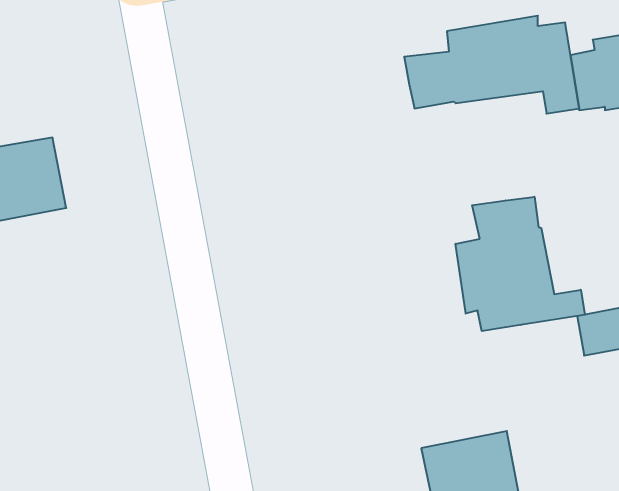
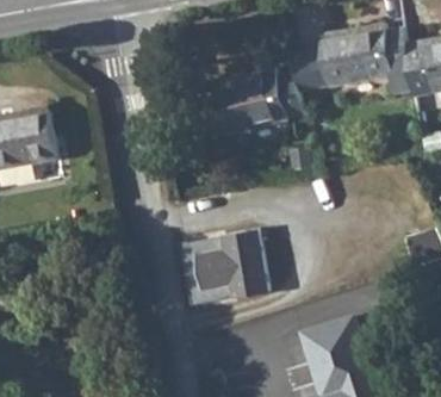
building: none -> [211,70,303,136]
building: [456,197,585,331] -> none
building: none -> [195,223,267,294]

